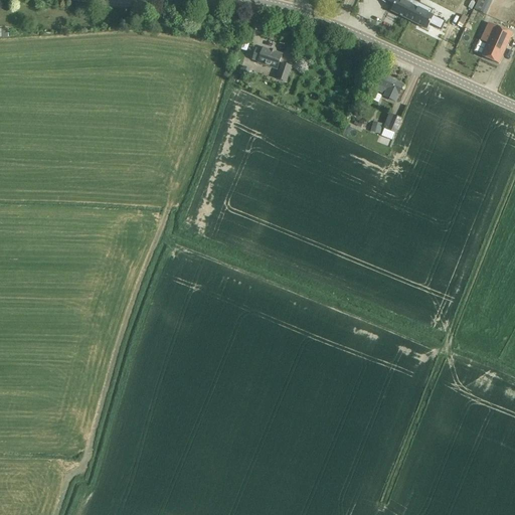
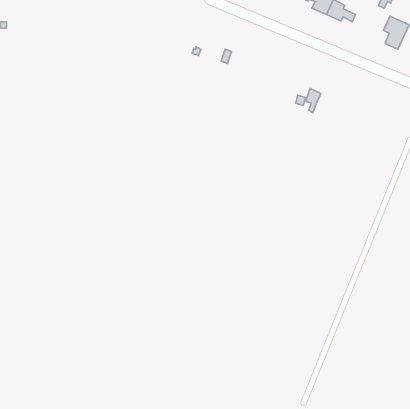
building: [252,46,282,66] -> none
building: [375,72,402,99] -> none

